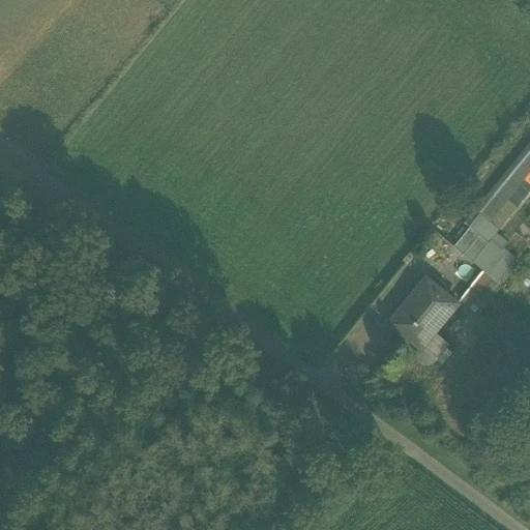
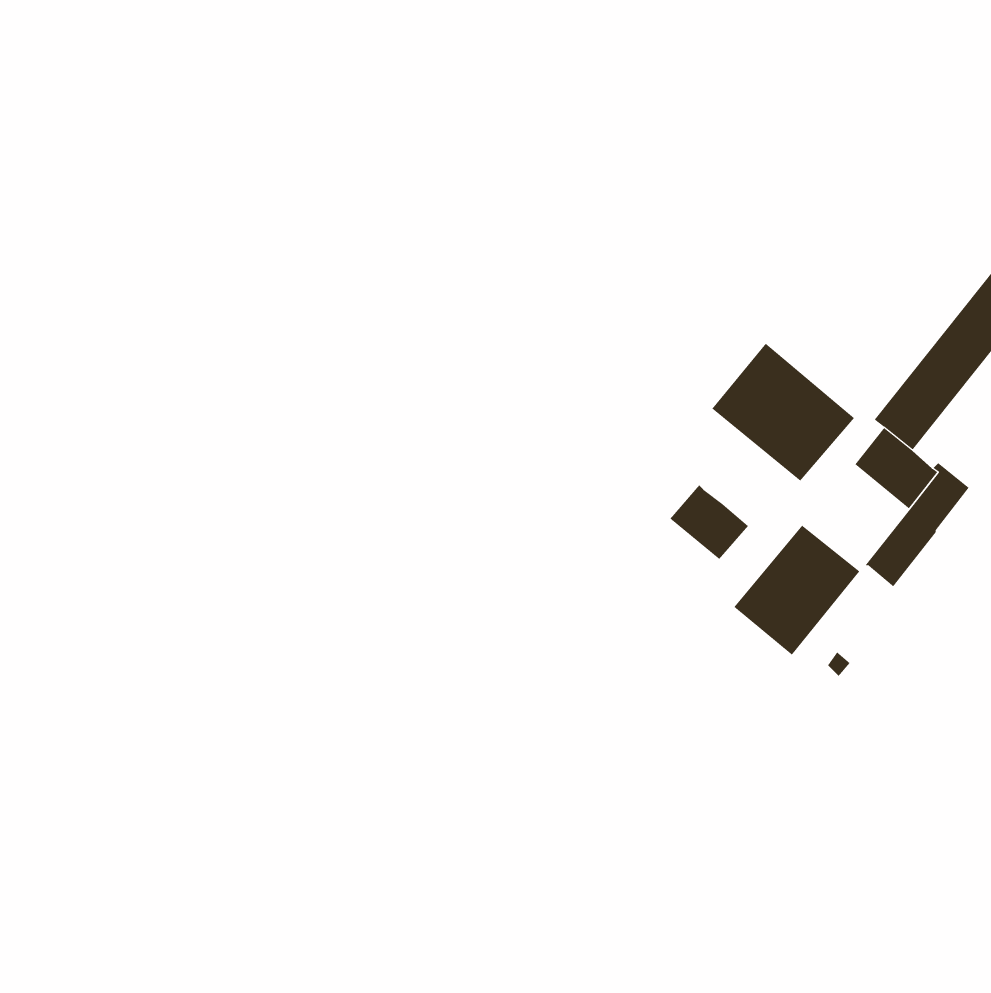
building: none -> [712,343,855,482]
building: none -> [670,484,749,560]

